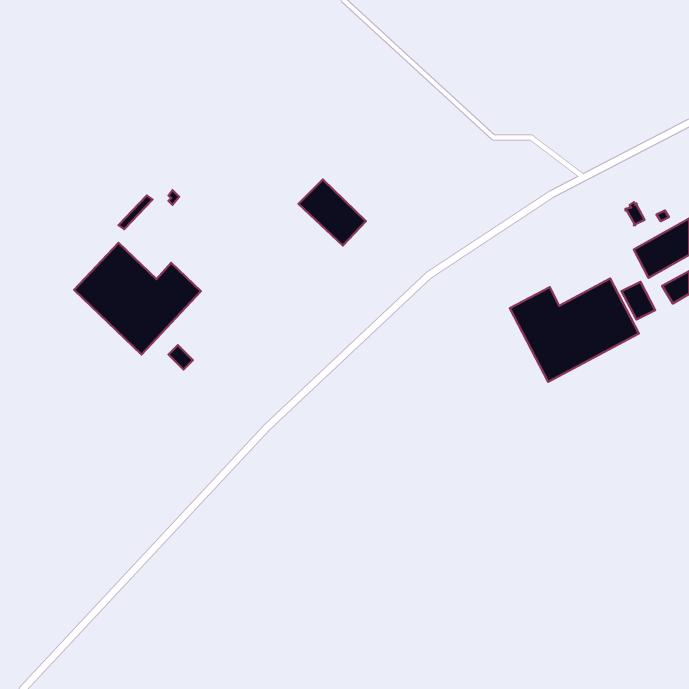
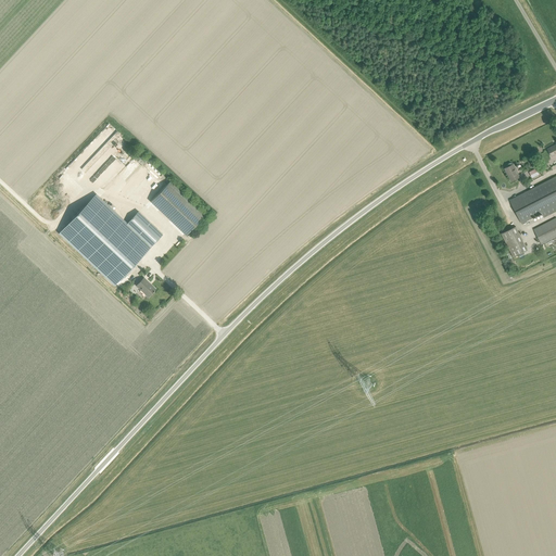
building: [298,179,366,246] -> [150,182,204,236]
building: [510,279,639,382] -> none

